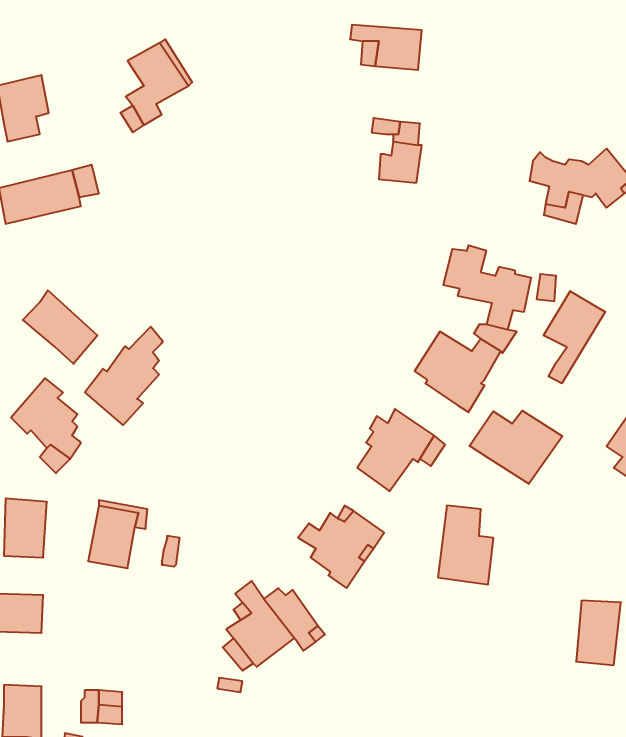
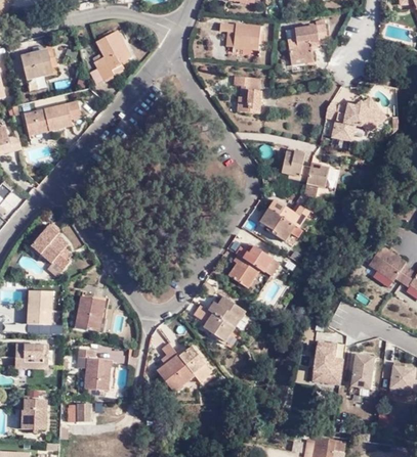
building: none -> [292,20,330,58]
building: [23,290,97,364] -> none
building: [544,291,605,383] -> none
building: [85,327,163,425] -> none
building: [469,411,562,484] -> none
building: [438,506,493,585] -> [315,339,346,384]
building: none -> [75,349,110,397]

